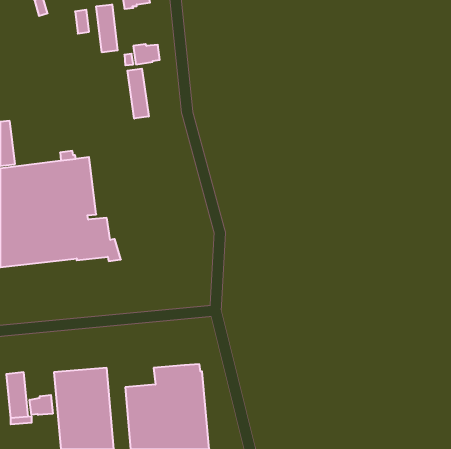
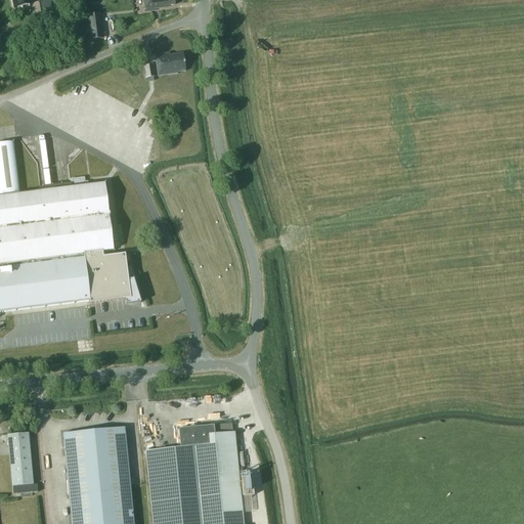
building: [96,4,118,52] -> none
building: [127,69,149,119] -> none
building: [30,395,53,415] -> none

